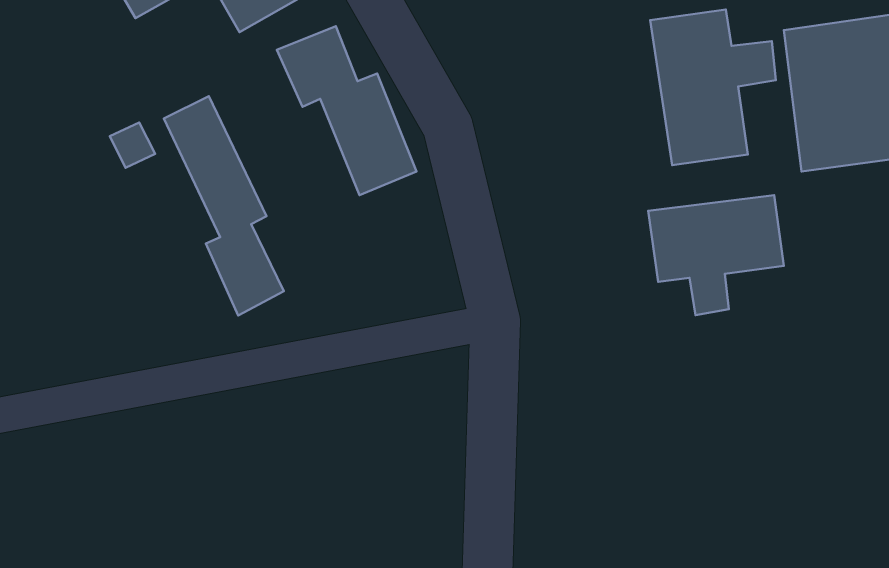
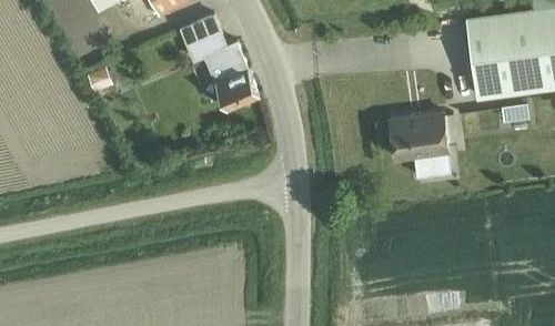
building: [650,10,776,165] -> none
building: [164,96,284,315] -> none

